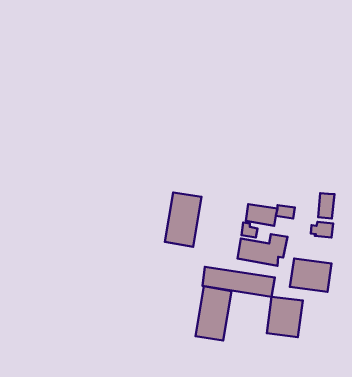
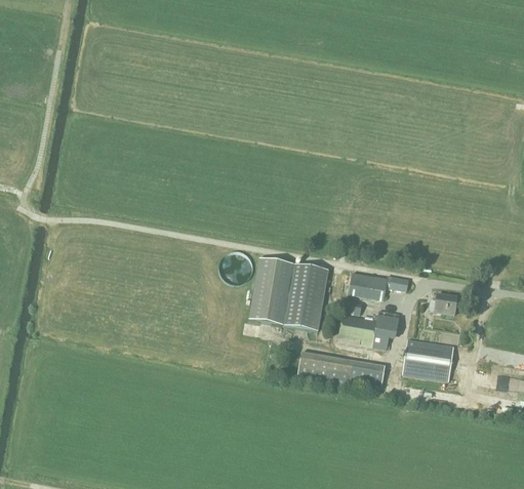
building: [318,193,335,219] -> none
building: [196,286,231,340] -> [284,263,328,330]
building: [267,297,303,337] -> none

